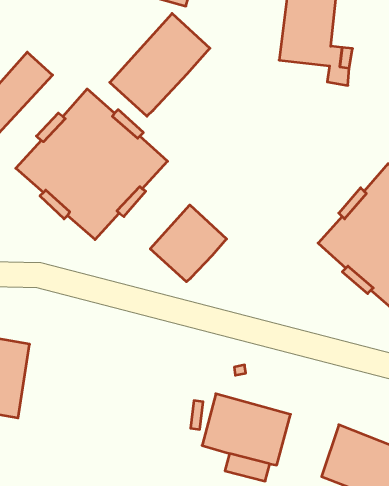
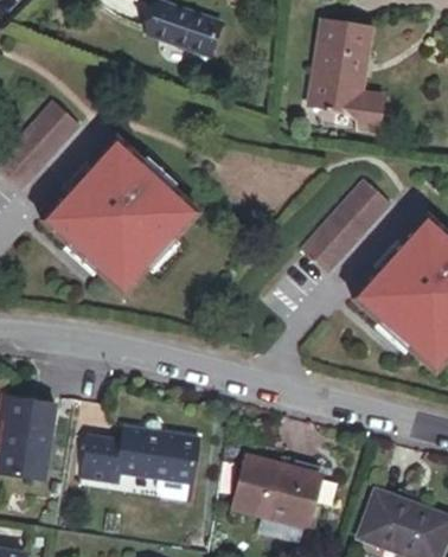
building: [110,13,210,116] -> none
building: none -> [300,180,390,275]
building: [150,205,227,282] -> none
building: none -> [75,414,190,492]

